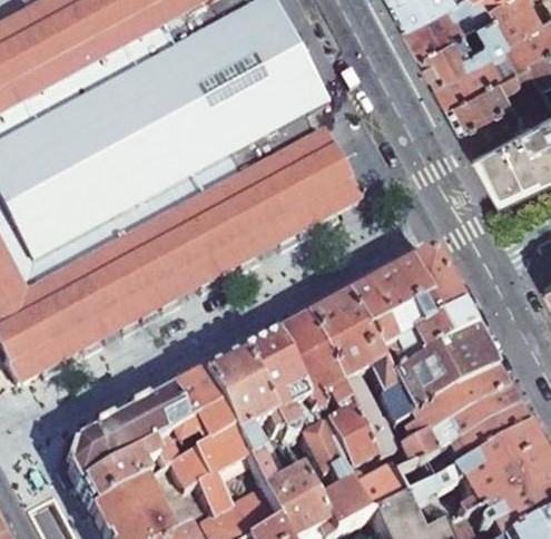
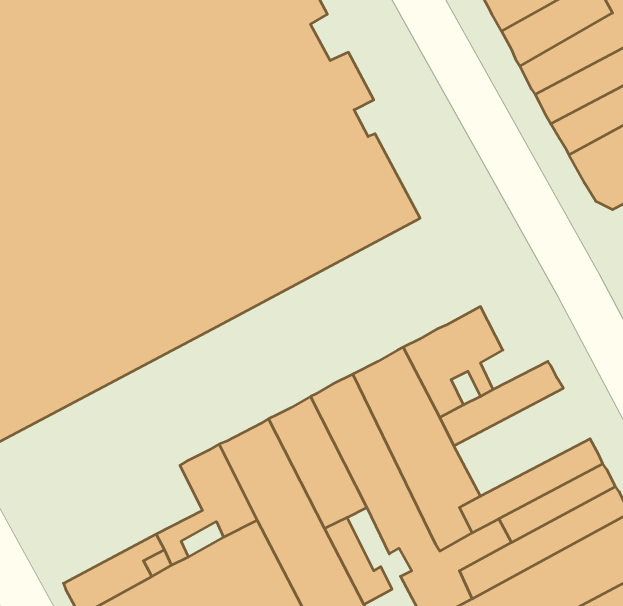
building: [406,255,460,333] -> none
building: [385,332,493,418] -> none
building: [67,393,186,487] -> none

